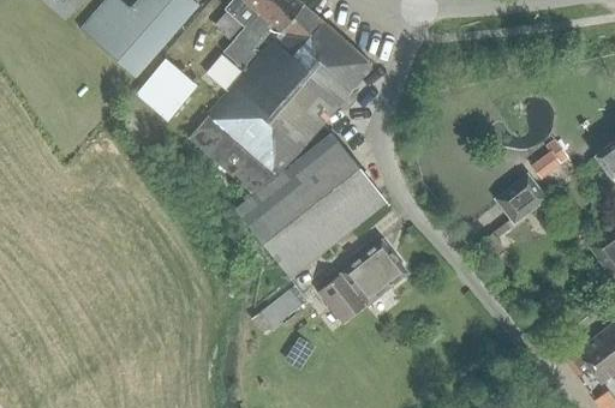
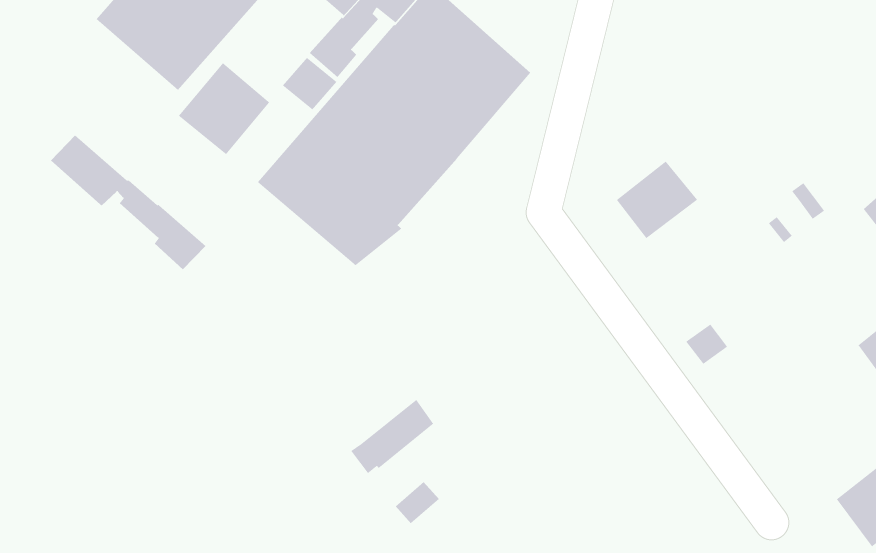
building: none -> [50,134,206,270]
building: [235,133,387,278] -> none
building: [494,172,549,224] -> [616,160,698,239]
building: [317,240,408,324] -> none

